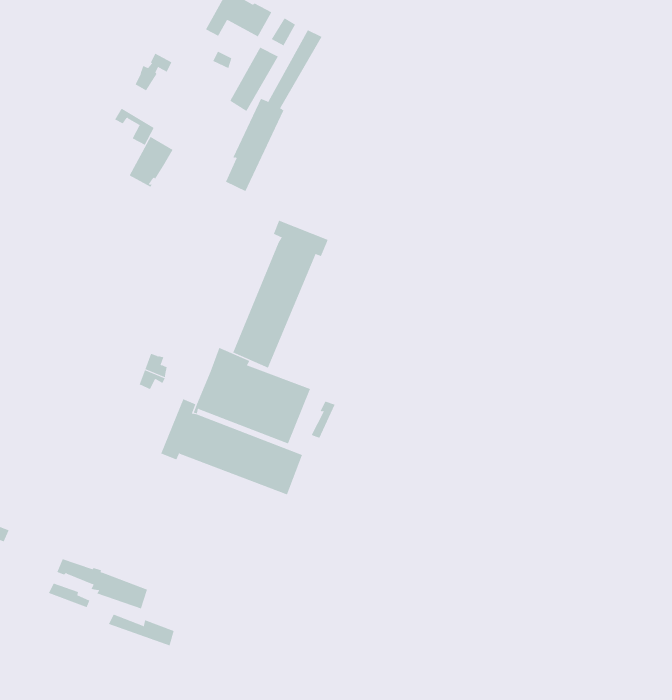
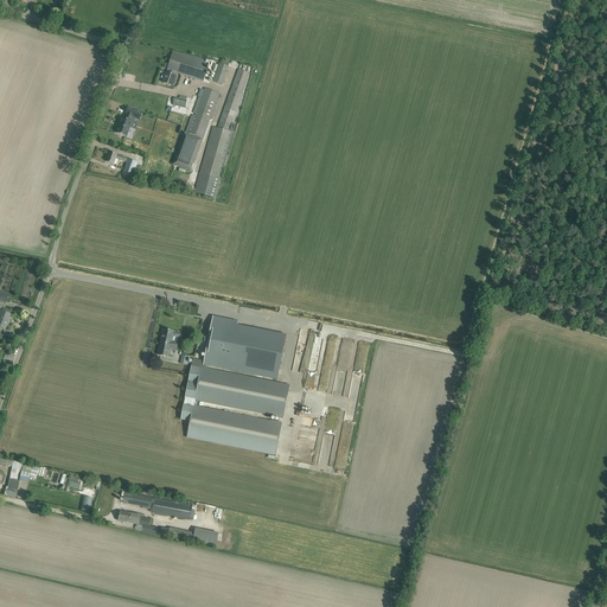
building: [129,136,173,187] -> [172,132,202,170]
building: [232,220,329,369] -> none
building: none -> [180,402,281,454]

